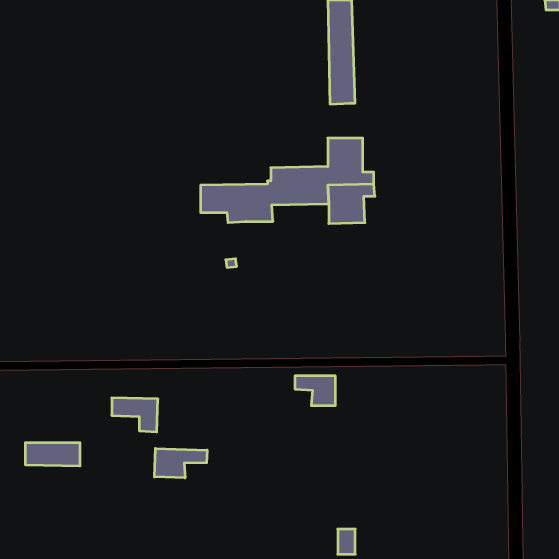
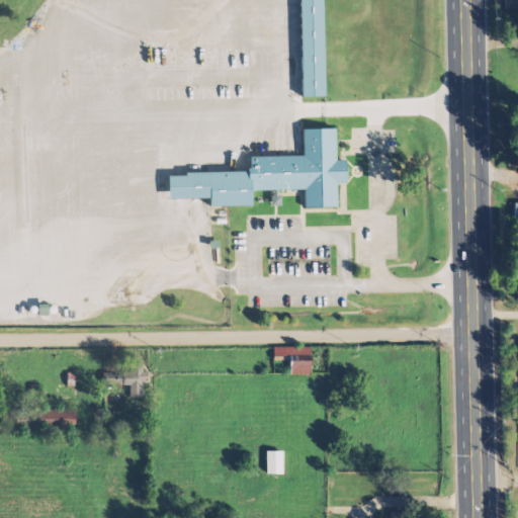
building: none -> [169,175,186,198]
building: [154,448,207,478] -> none
building: [338,529,355,554] -> [266,452,282,476]

